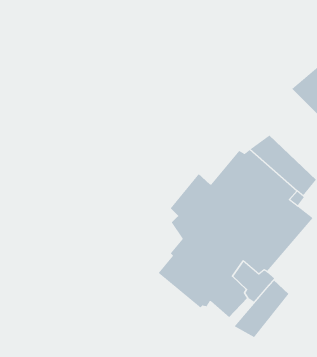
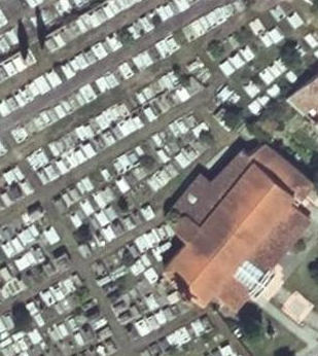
building: [234,280,289,338] -> none

